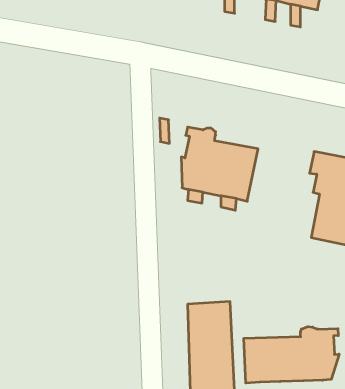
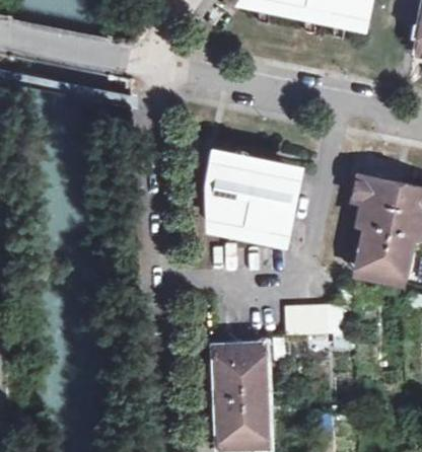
building: none -> [286,305,328,333]
building: [244,327,339,383] -> none

